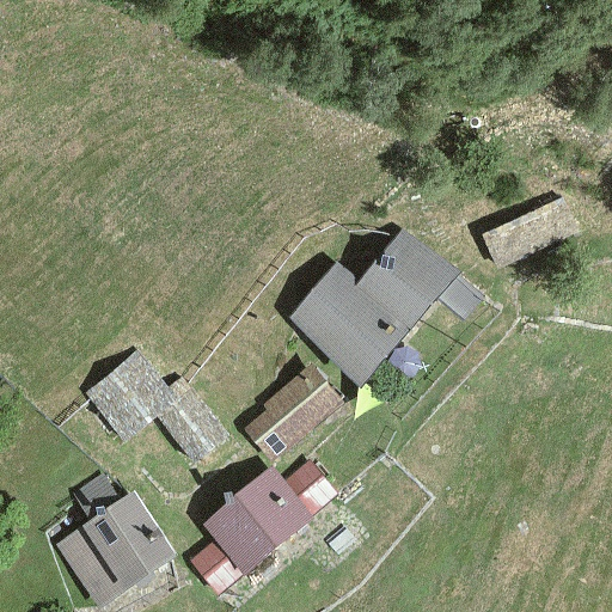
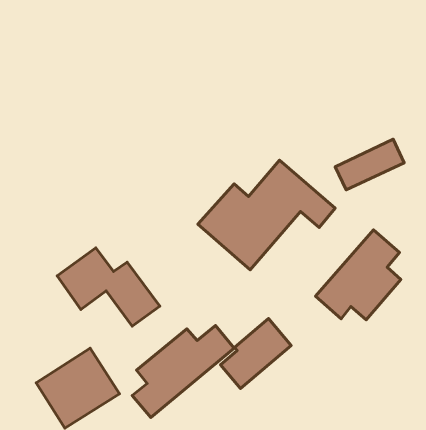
building: none -> [316,230,401,320]
building: [243,365,343,464] -> [220,318,291,388]

